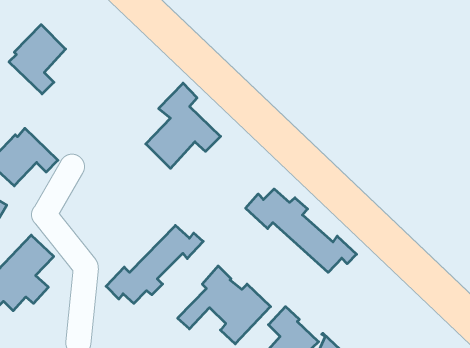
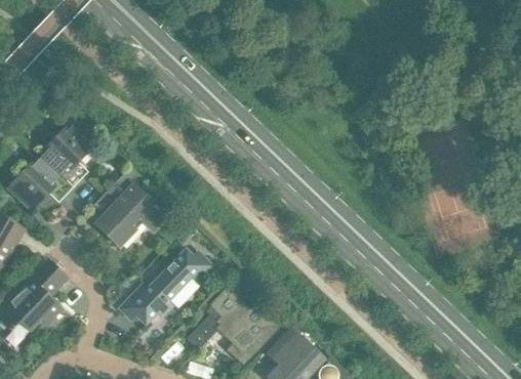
building: [9,25,66,94] -> [40,120,94,186]
building: [146,83,221,168] -> [94,165,166,247]
building: [246,189,357,272] -> none

